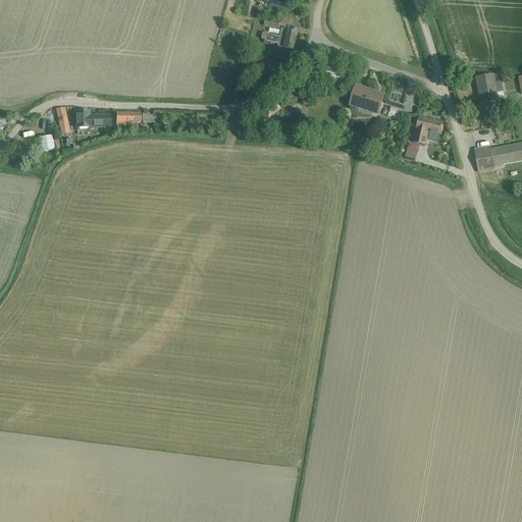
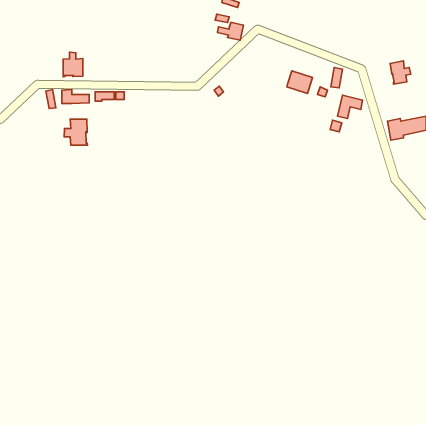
building: none -> [63,52,83,77]
building: none -> [64,119,87,145]

